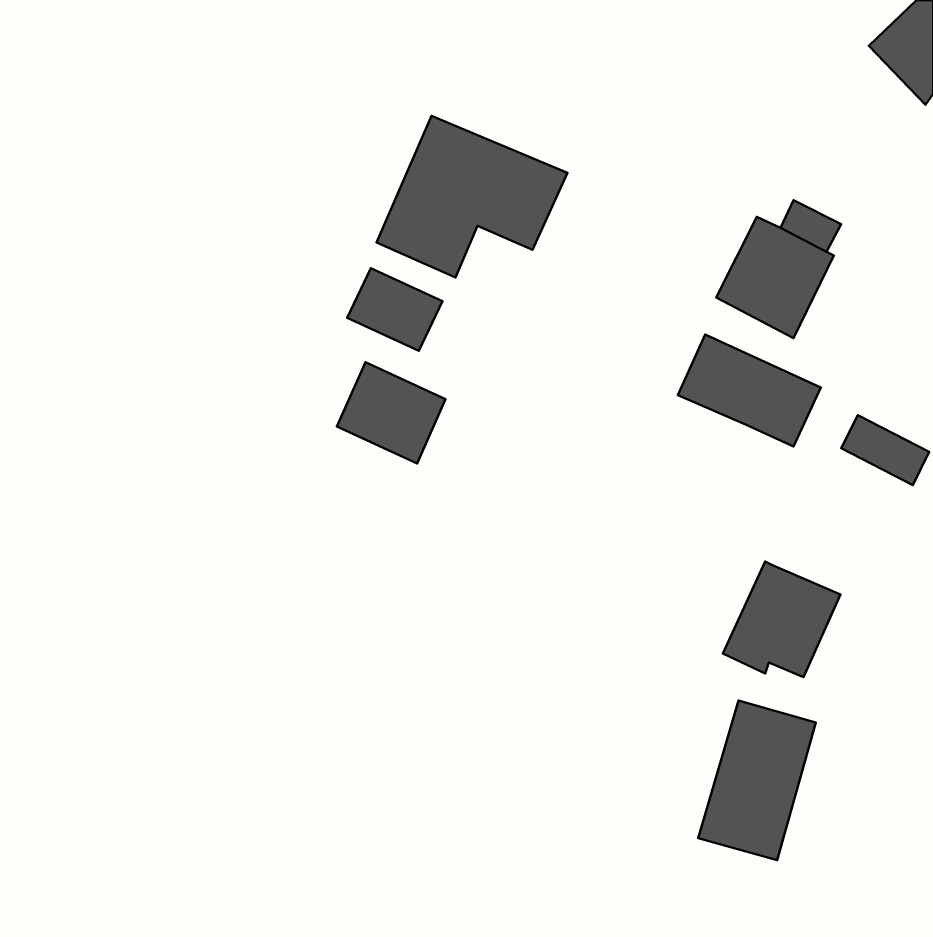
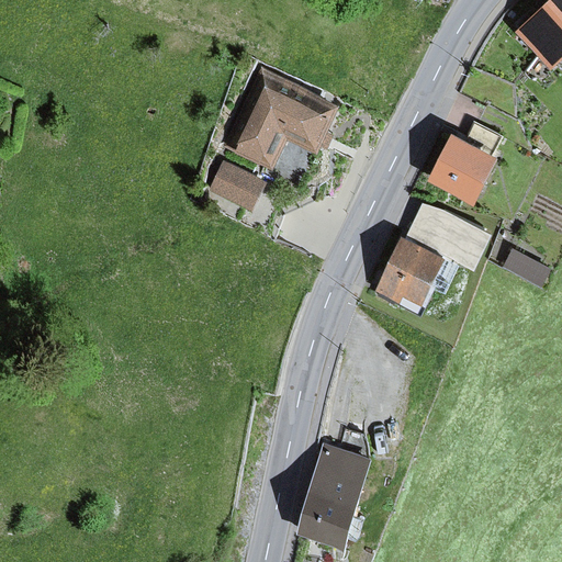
building: [337,362,446,463] -> none
building: [723,561,840,677] -> [375,235,446,304]
building: [698,700,816,860] -> [297,447,368,542]

